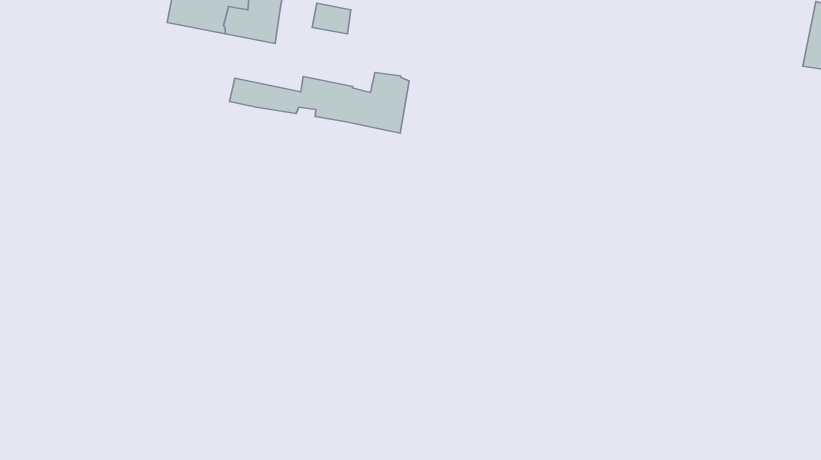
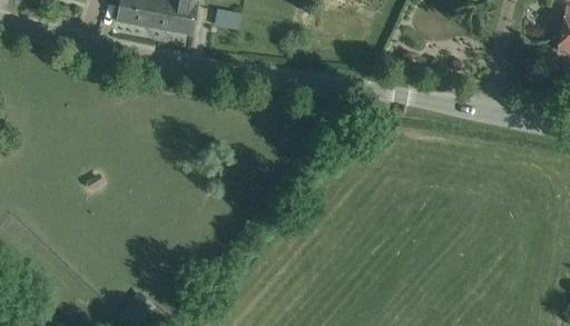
building: [229,72,409,133] -> none

